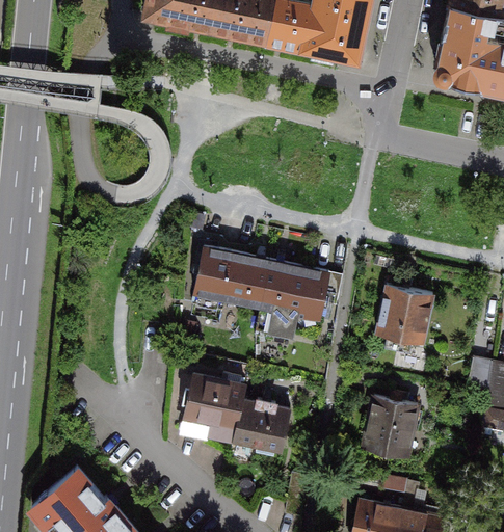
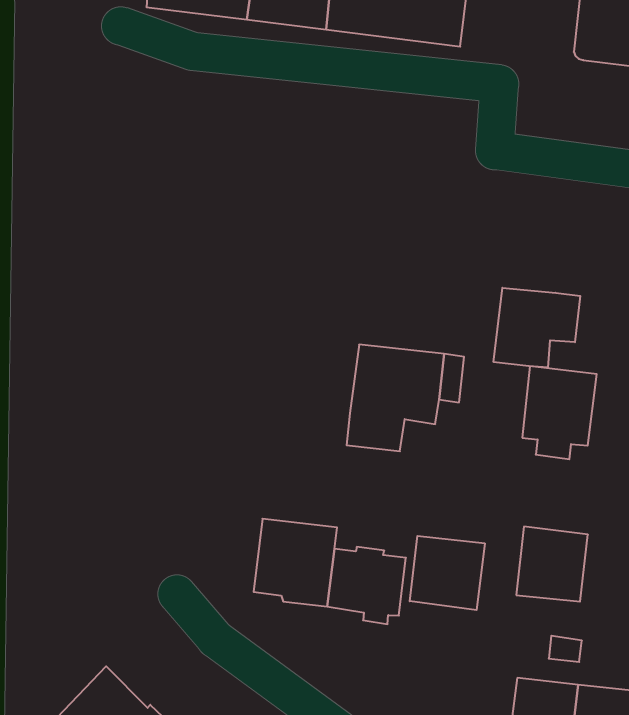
building: none -> [494,288,580,367]
building: [192,245,271,309] -> none
building: none -> [410,536,485,610]

